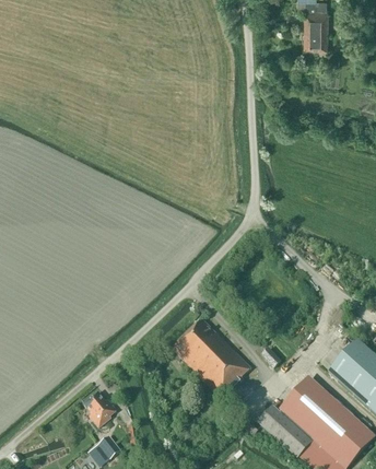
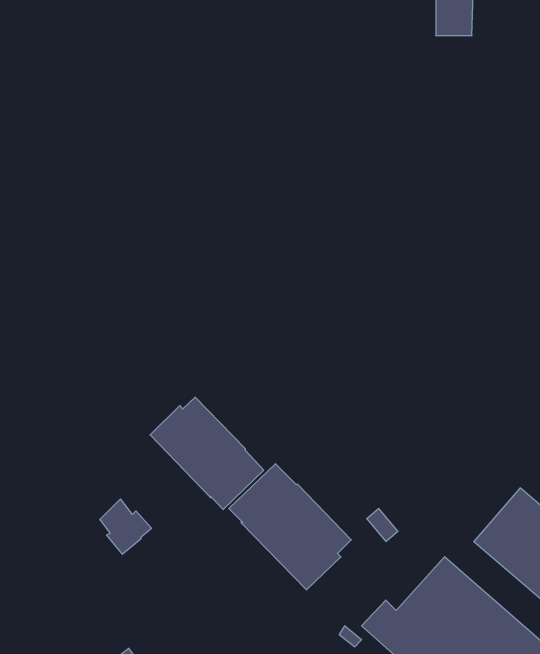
building: none -> [150,397,264,510]
building: [84,390,117,425] -> [100,499,151,554]

